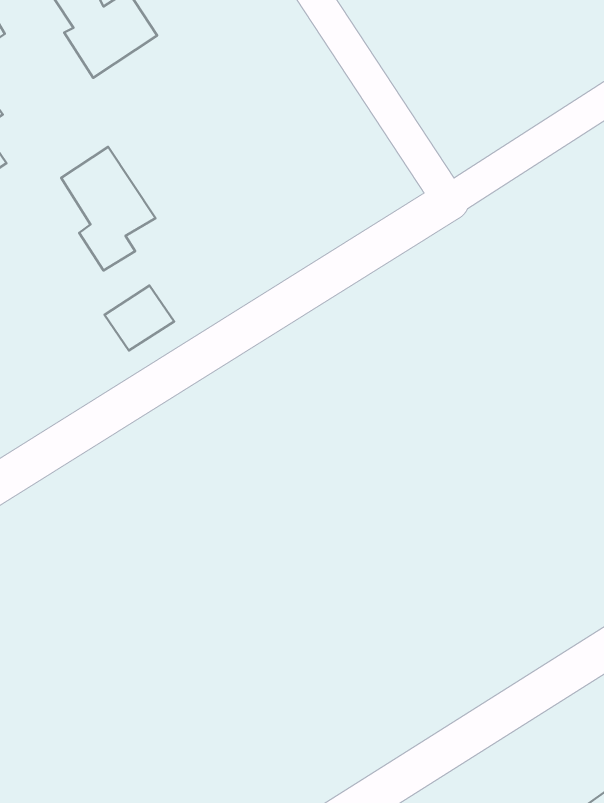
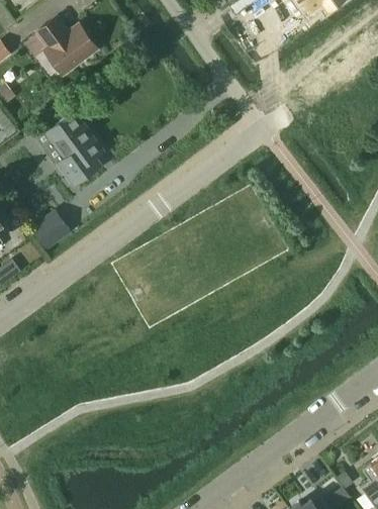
building: [105,286,174,351] -> [30,212,70,249]

